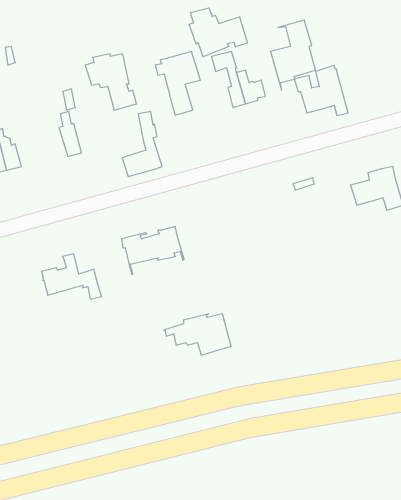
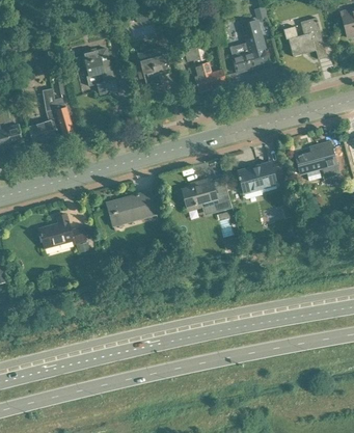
building: [189,8,248,57] -> none
building: [294,65,348,115] -> [282,17,327,58]
building: [122,111,162,176] -> [28,87,61,141]
building: none -> [239,162,277,193]
building: [164,314,231,355] -> [175,179,232,213]

